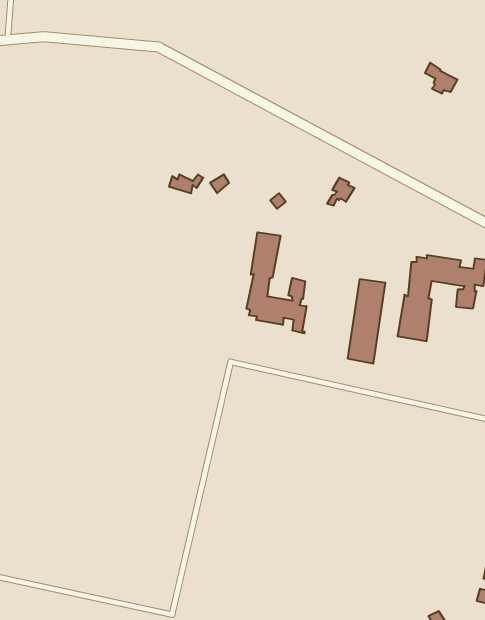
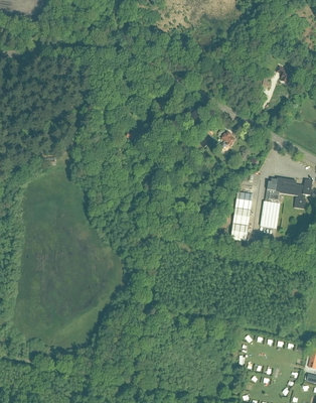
building: [247,232,306,333] -> none

